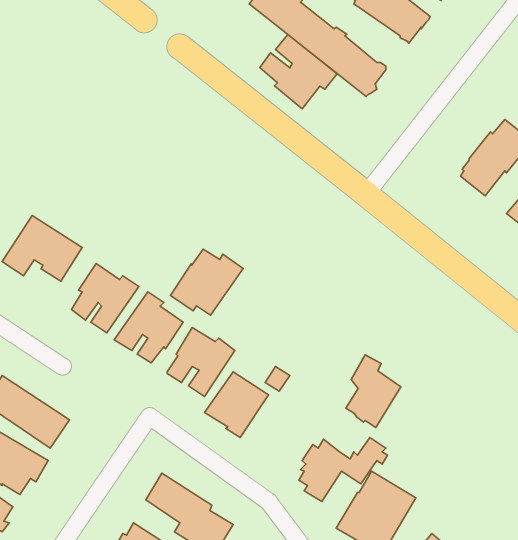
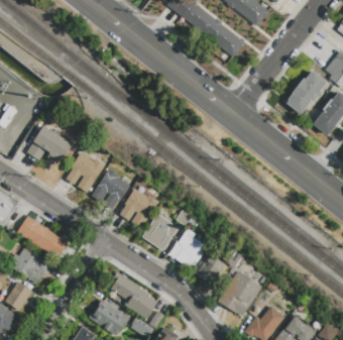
building: [260,34,337,109] -> none
building: [170,249,243,315] -> none
building: [346,355,401,428] -> [175,228,206,269]

